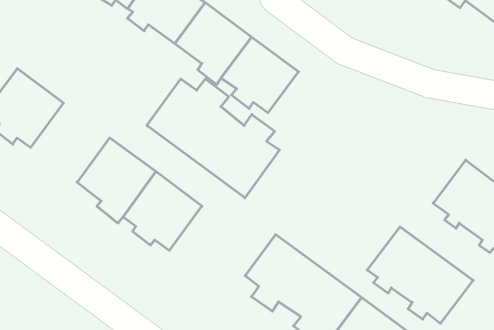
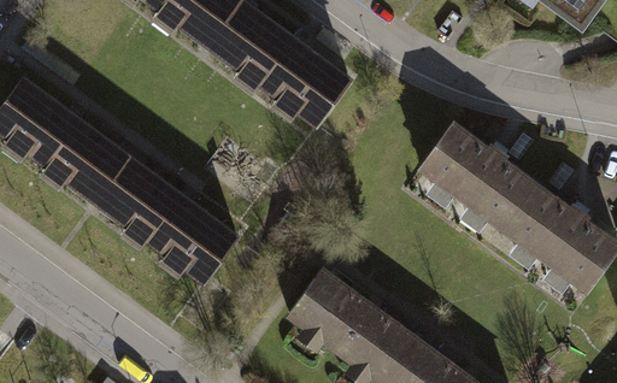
building: [147,79,279,198] -> none
building: none -> [37,119,134,210]
building: [367,227,473,323] -> [421,123,542,234]

